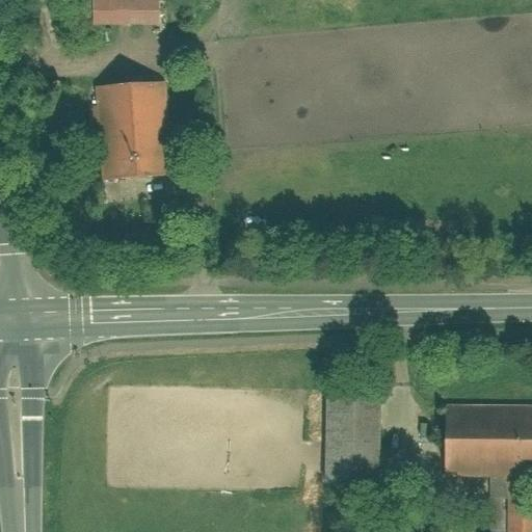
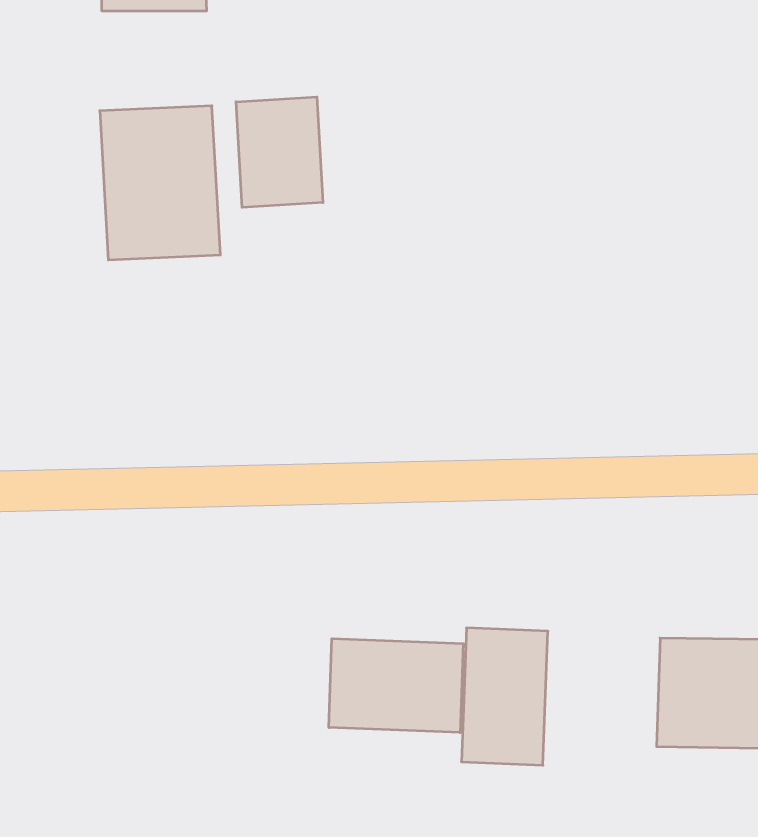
building: none -> [236,97,323,207]
building: none -> [329,639,463,733]

